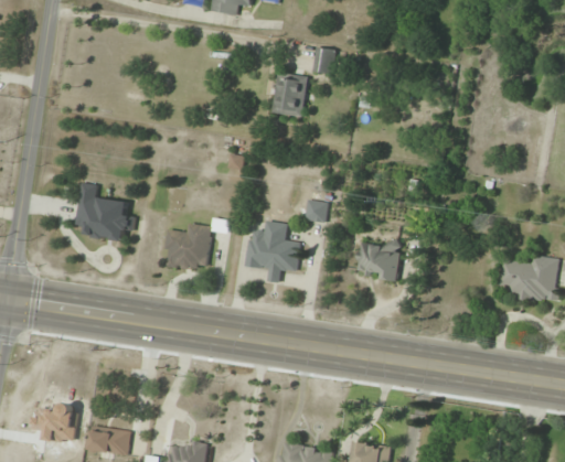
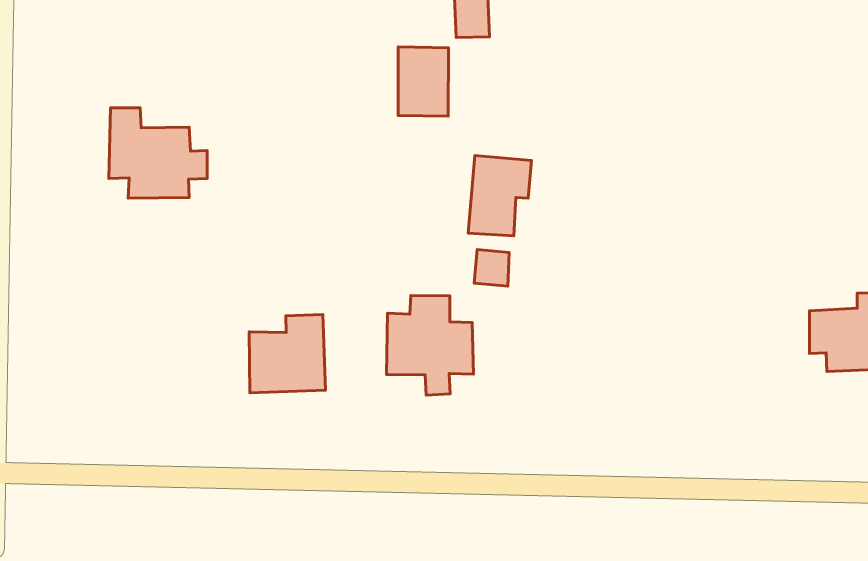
building: none -> [468,155,531,236]
building: [75,182,136,241] -> [109,108,207,198]
building: [355,239,402,278] -> none

